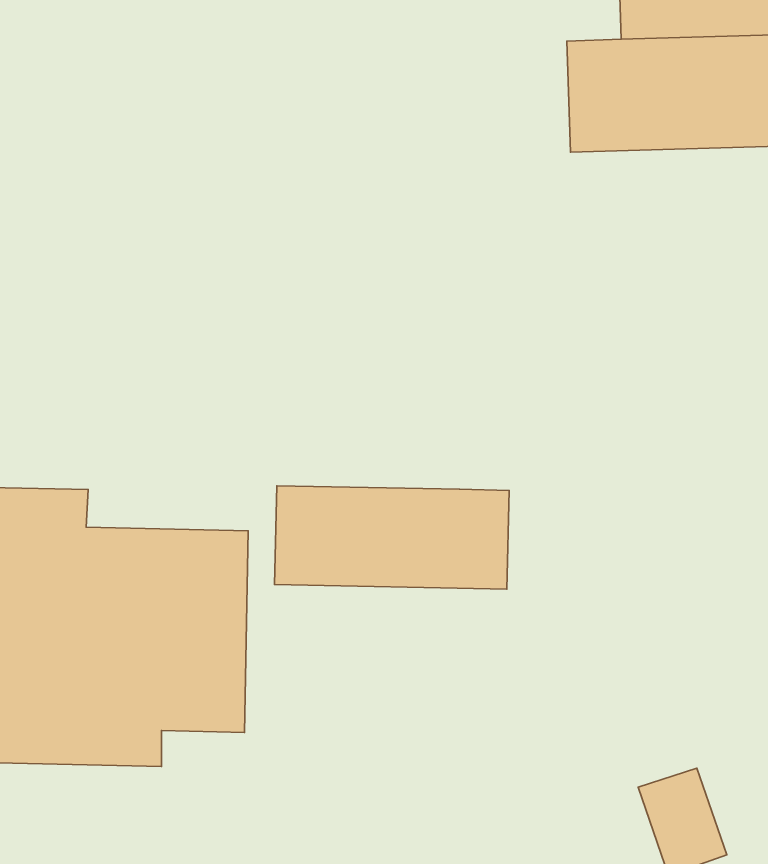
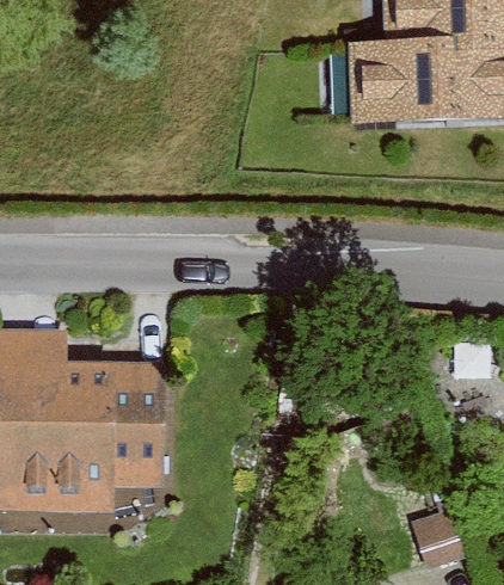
building: [275,486,509,589] -> none

